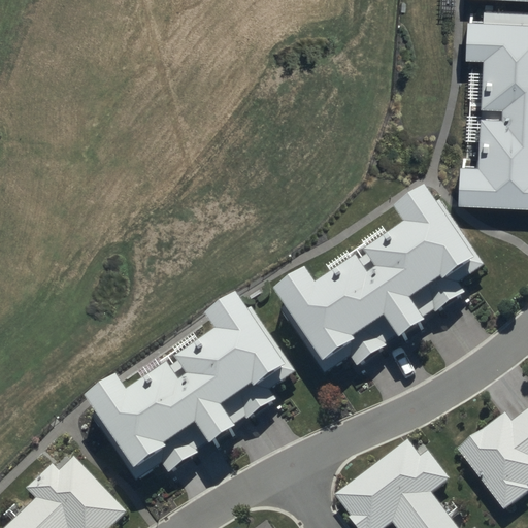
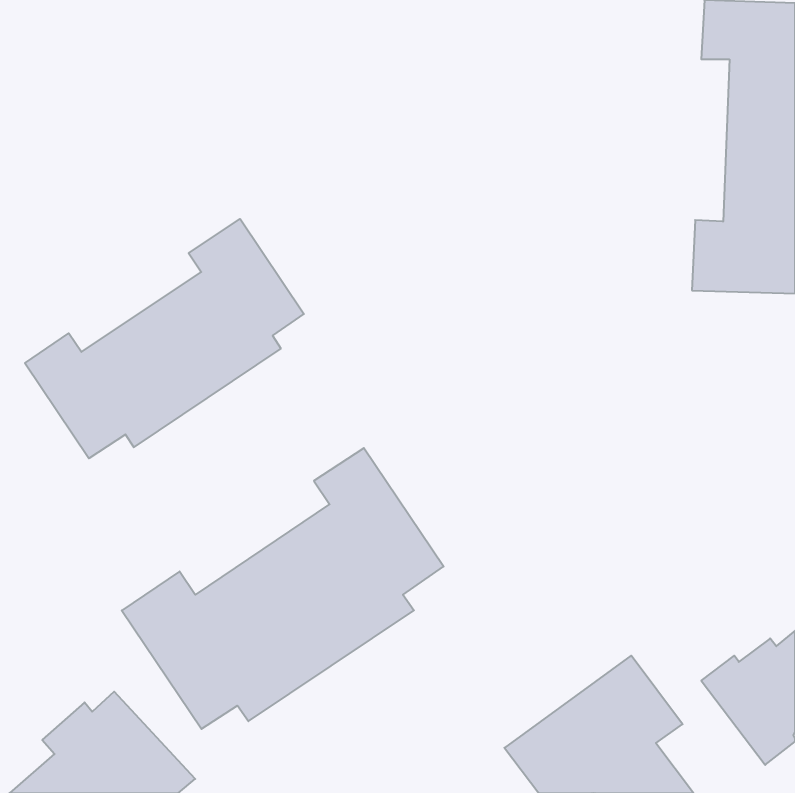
building: none -> [25,219,304,458]
building: [268,189,482,370] -> none

